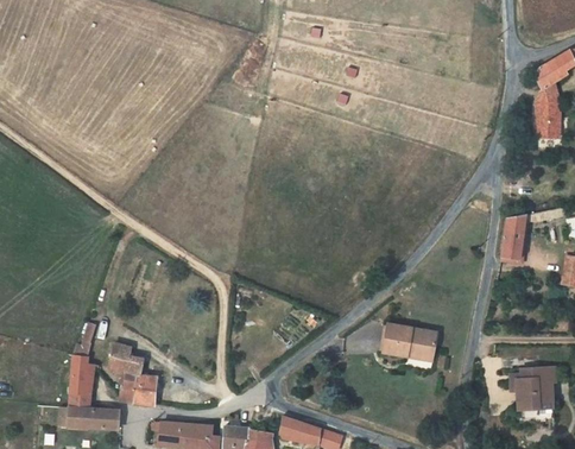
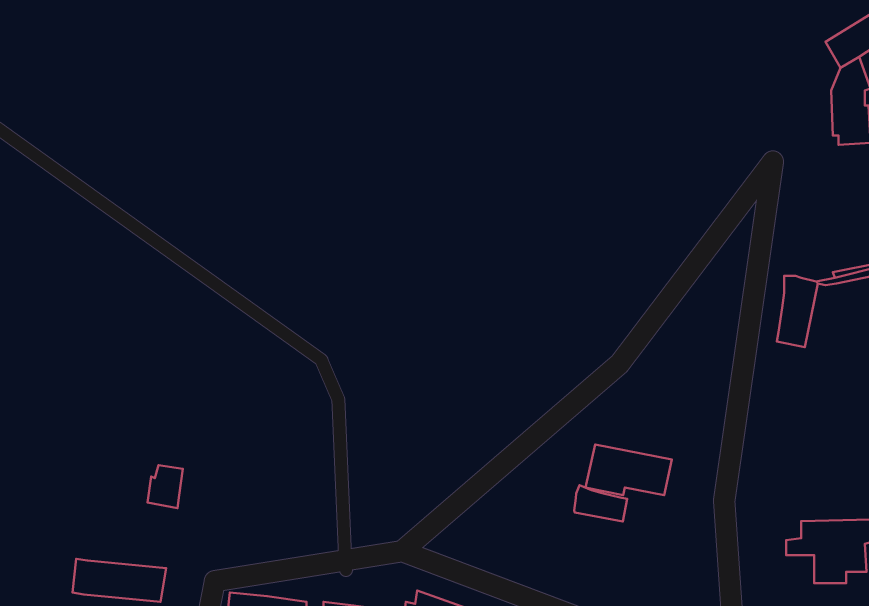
building: [67,350,91,399] -> none
building: none -> [574,485,627,521]
building: [119,359,158,400] -> none

